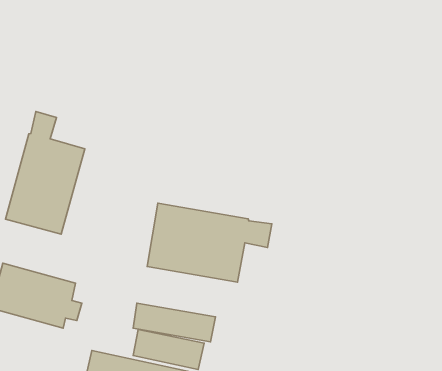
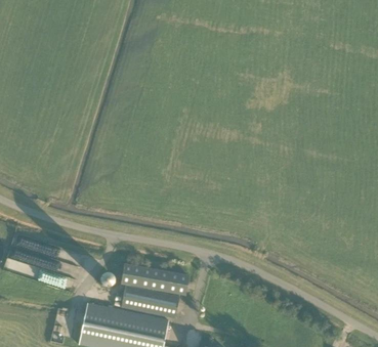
building: [5,112,85,234] -> none
building: [147,203,272,282] -> none

